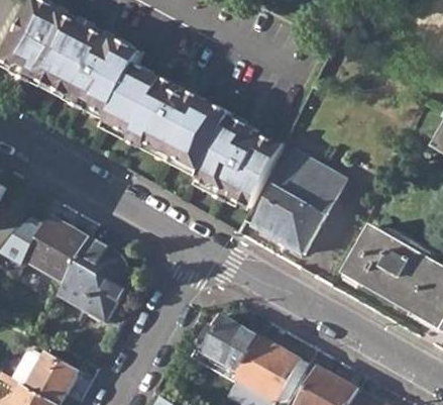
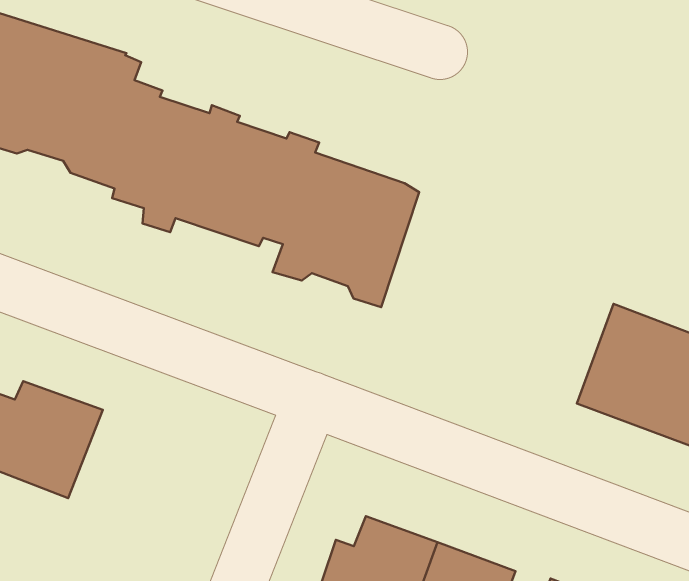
building: [253,149,344,254] -> none
building: [58,238,128,322] -> none

